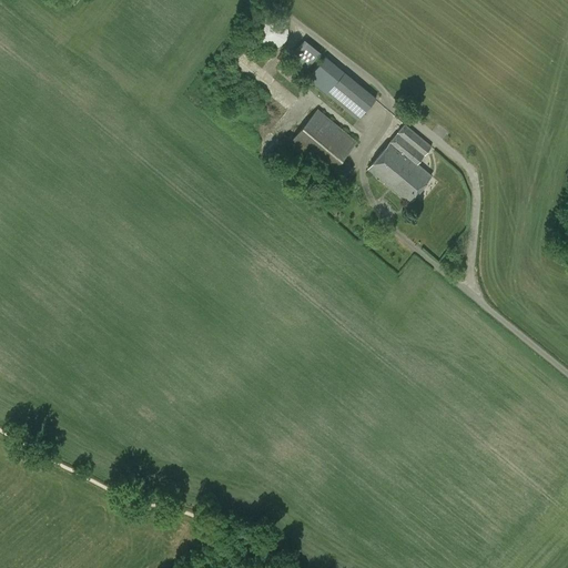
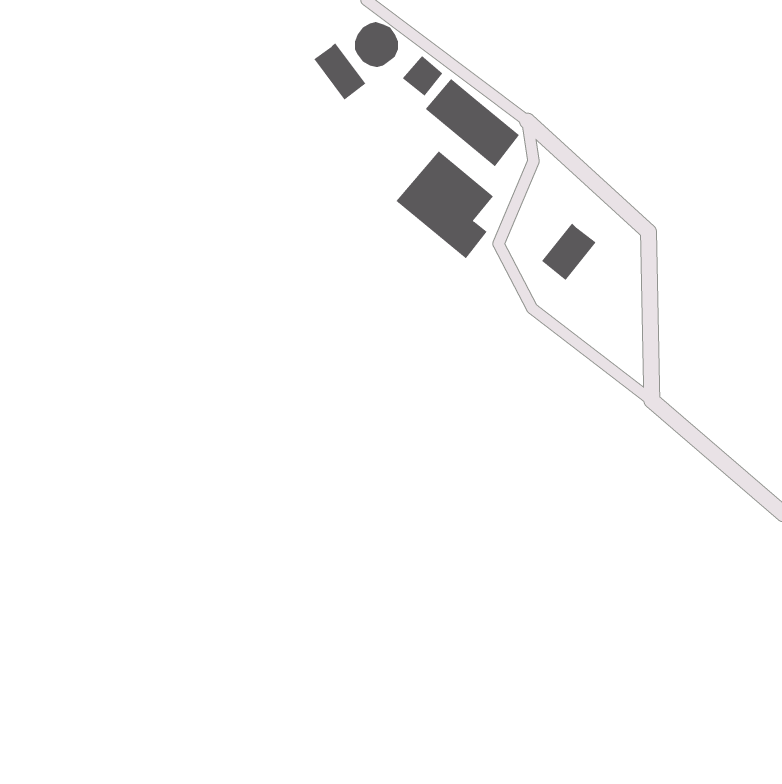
building: none -> [314,42,366,100]
building: [369,124,433,189] -> none

